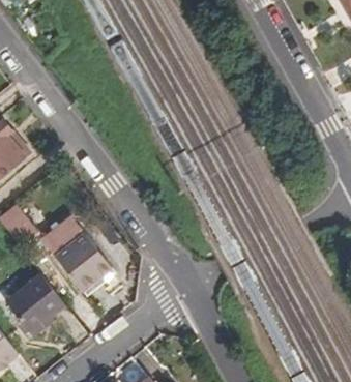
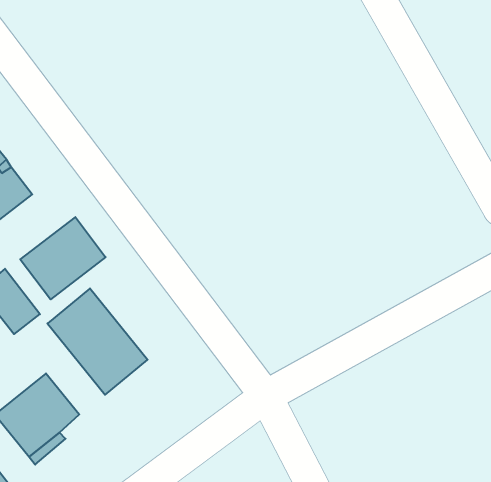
building: none -> [20,217,106,299]

